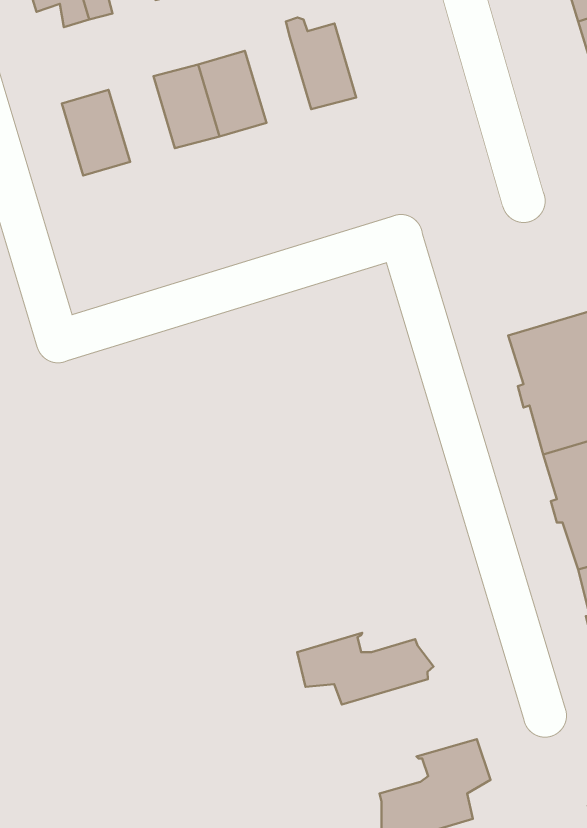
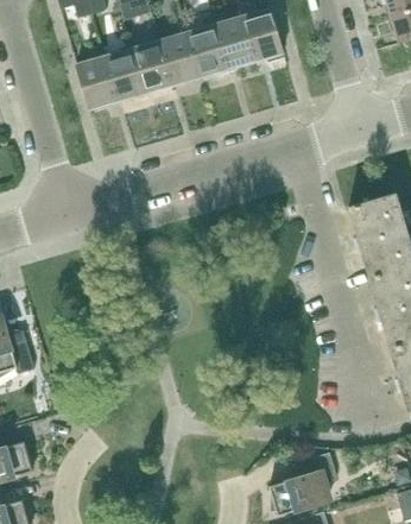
building: none -> [242,8,283,62]
building: none -> [188,15,228,77]
building: none -> [105,49,145,101]
building: [297,633,434,704] -> none

